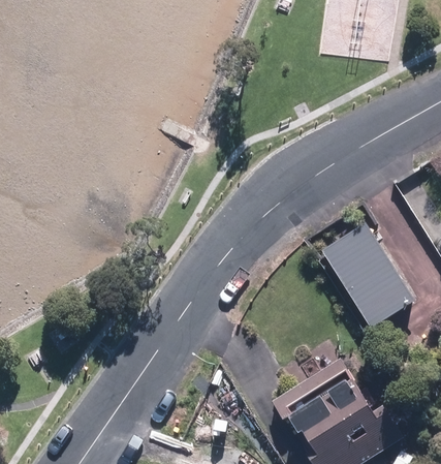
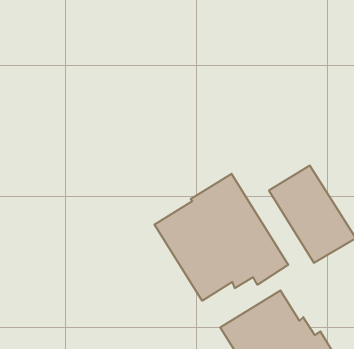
building: none -> [154,174,288,301]

